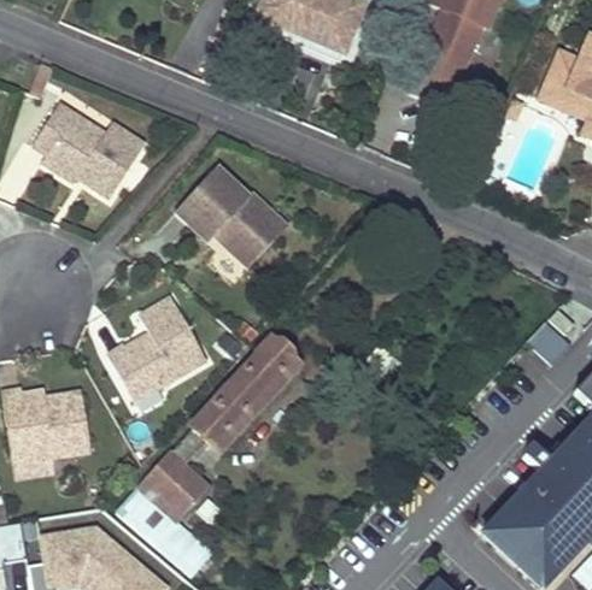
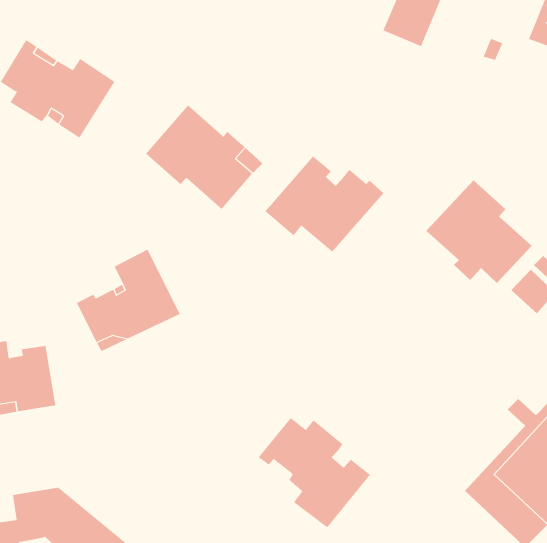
building: none -> [265,156,384,252]
building: none -> [426,180,532,284]
building: [116,338,298,577] -> none
building: none -> [258,417,371,528]

